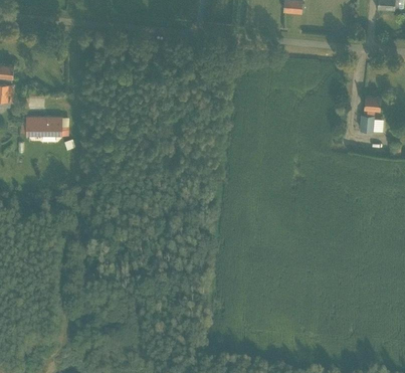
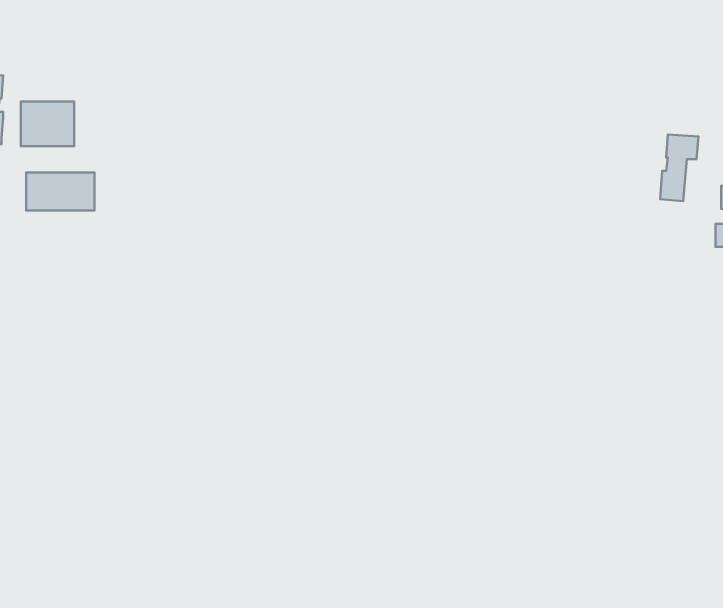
building: none -> [21,101,74,146]

